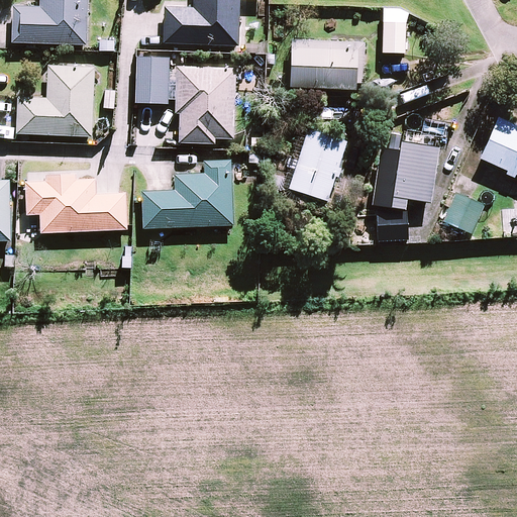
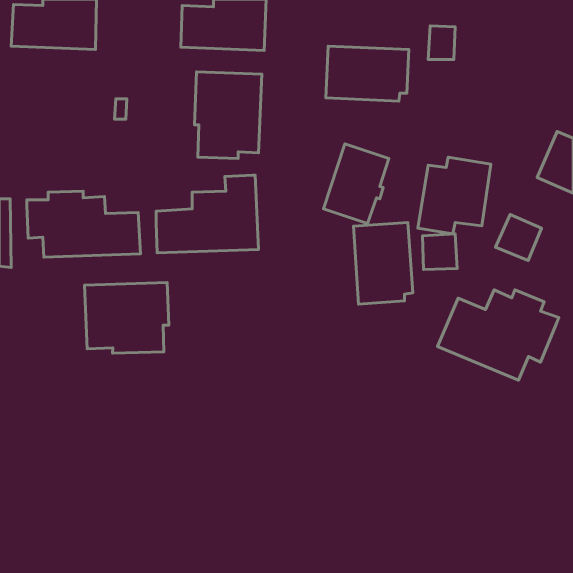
building: [134,55,168,103] -> none
building: [16,64,94,135] -> none
building: none -> [353,223,413,304]
building: none -> [85,282,169,353]
building: none -> [437,290,559,380]

